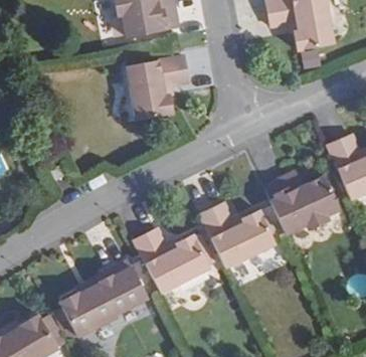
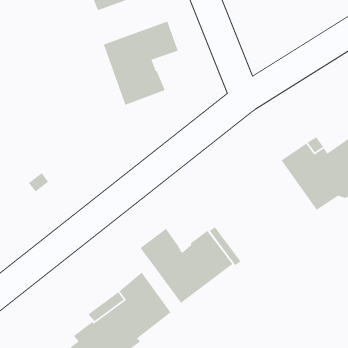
building: [199,203,274,267] -> none

